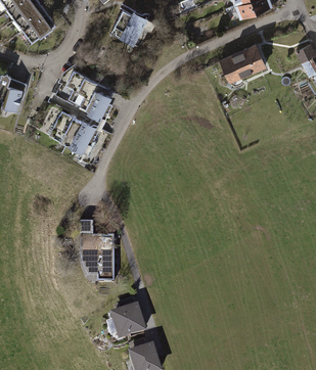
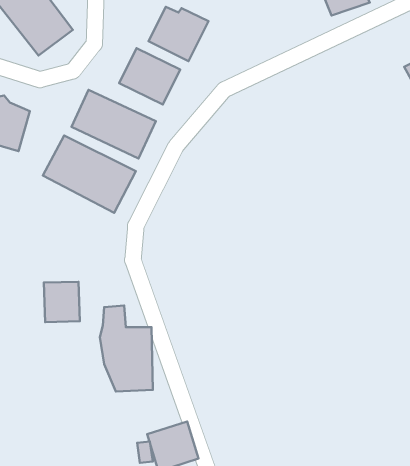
building: none -> [119,48,180,104]
building: [221,42,265,81] -> none
building: none -> [44,282,80,322]

